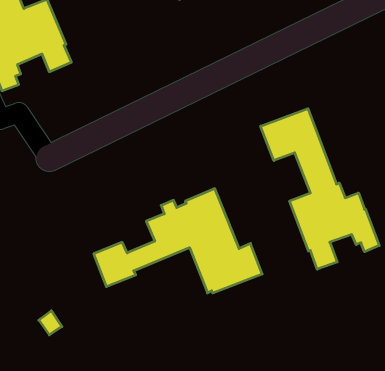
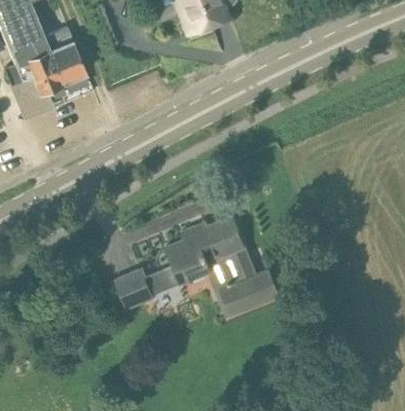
building: [261,109,379,269] -> none

